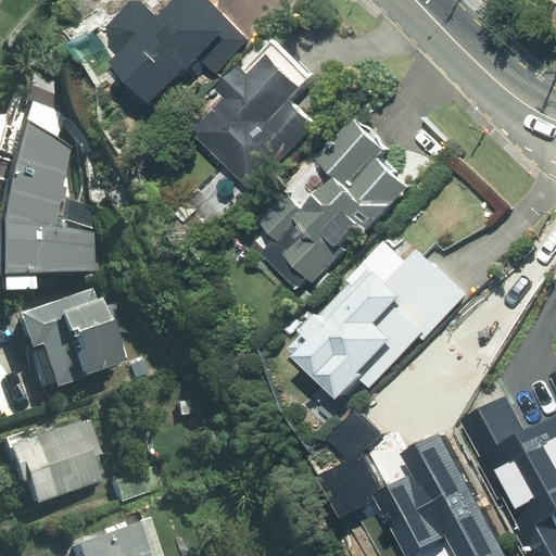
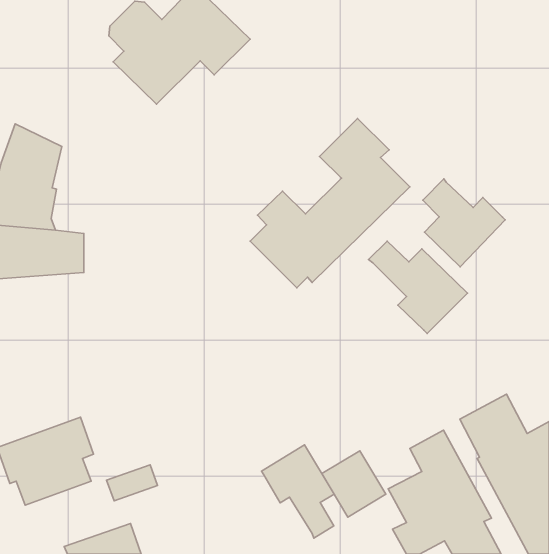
building: [192,41,319,191] -> none
building: none -> [423,179,505,267]
building: [290,263,424,399] -> none
building: [5,289,112,390] -> none
building: none -> [262,445,334,538]

